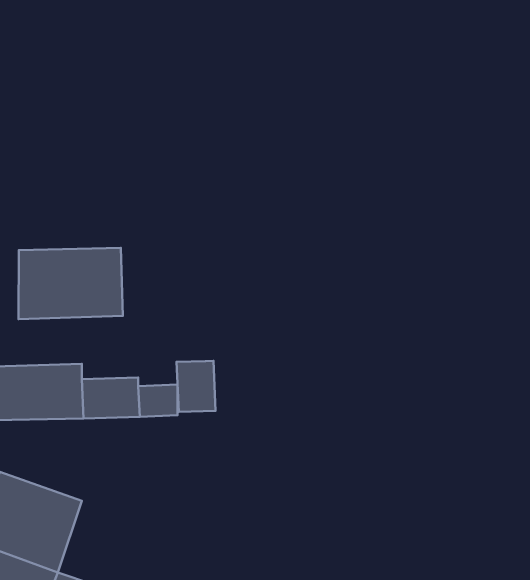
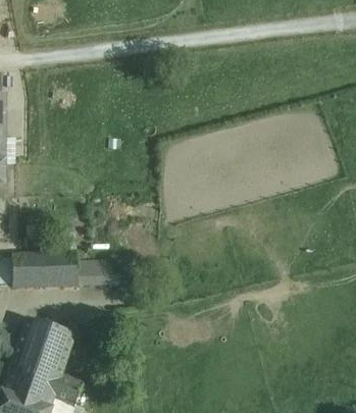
building: [19,248,123,319] -> none
building: [177,361,216,412] -> none

